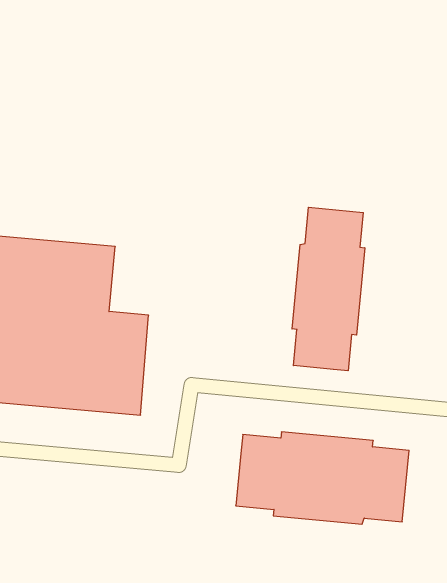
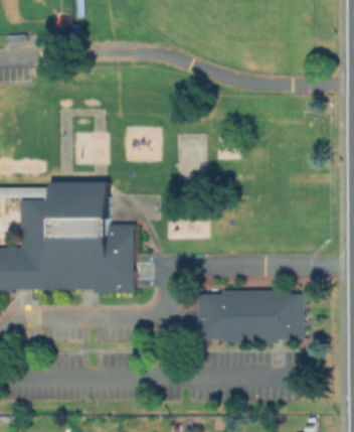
building: [292,207,365,371] -> none

